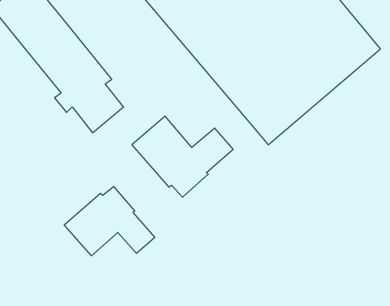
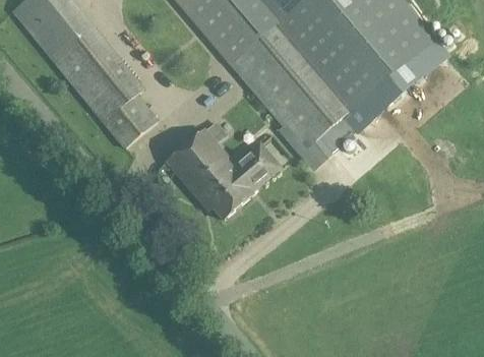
building: [64,186,155,256] -> none

